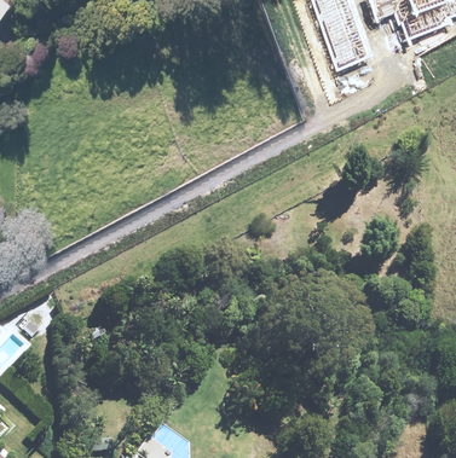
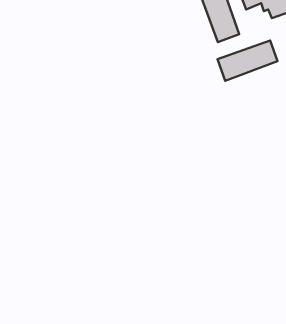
building: none -> [217,40,277,81]

